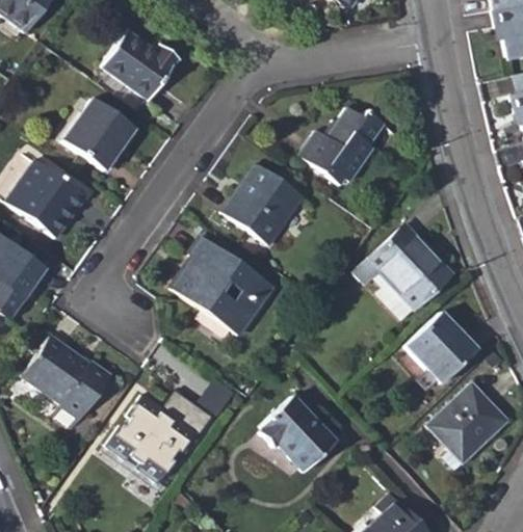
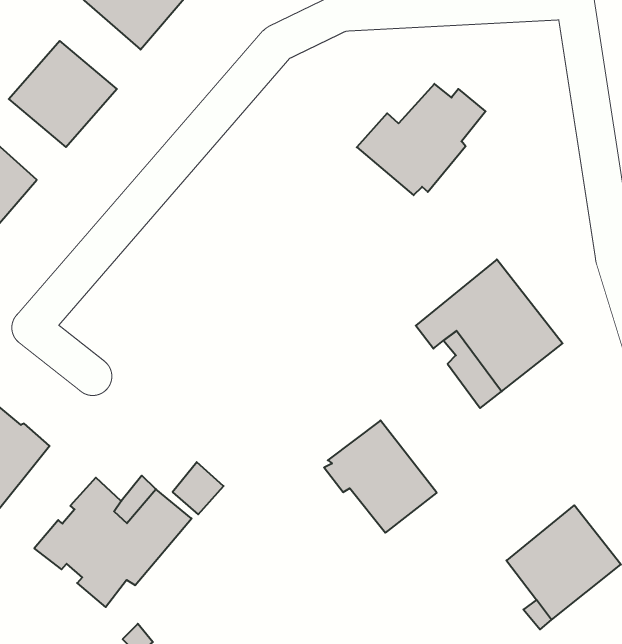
building: [224,163,303,243] -> none
building: [171,236,266,332] -> none
building: [406,311,477,383] -> none
building: [258,395,336,471] -> [324,420,437,533]

